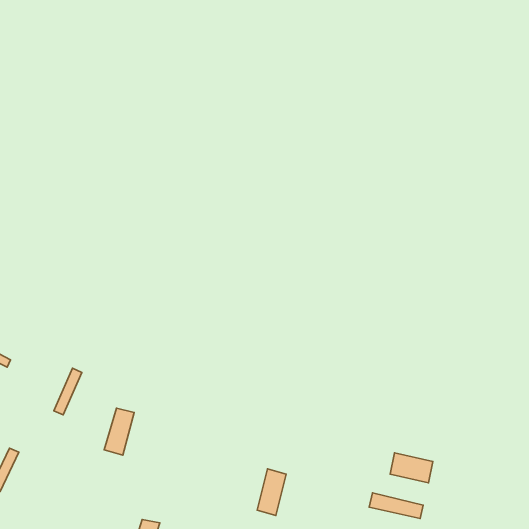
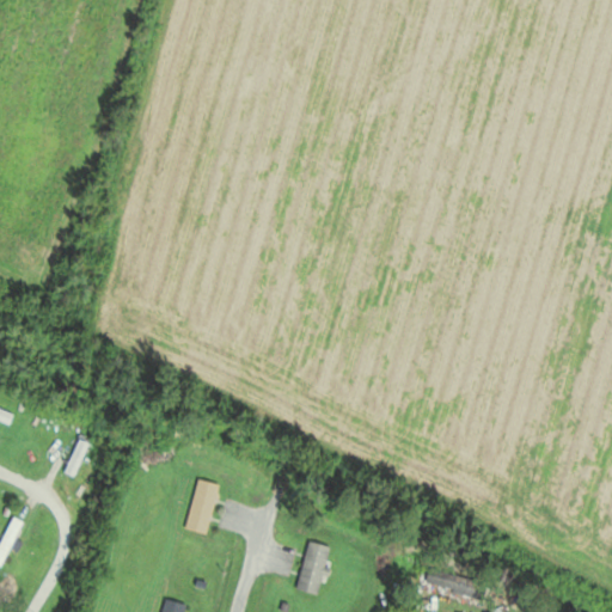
building: [104,408,134,455] -> [184,481,219,534]
building: [390,453,433,483] -> none

